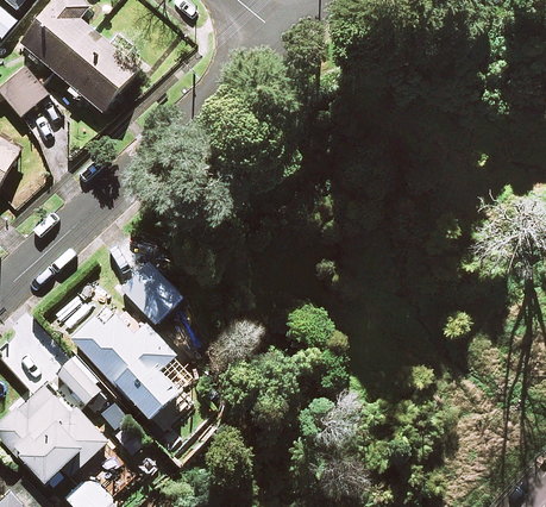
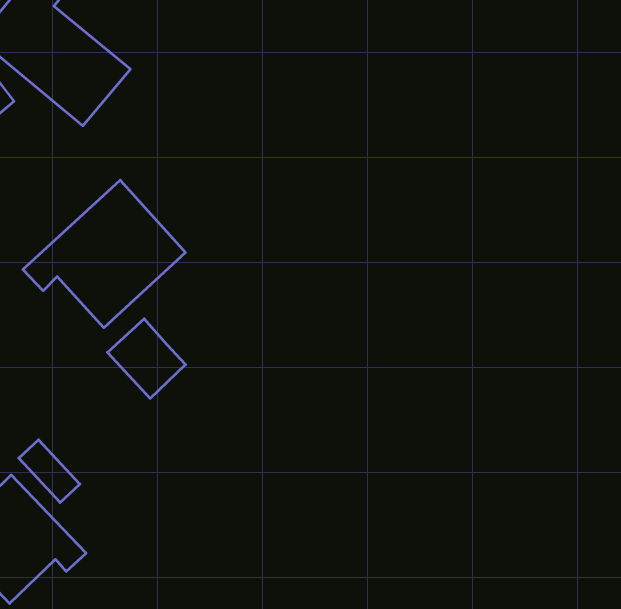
building: none -> [23,180,185,328]
building: [70,313,190,422] -> none

